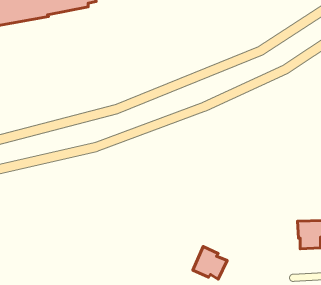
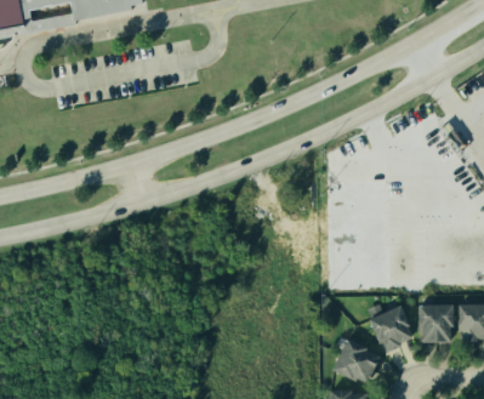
building: none -> [368,301,411,352]
building: [193,246,227,279] -> [334,337,381,382]

